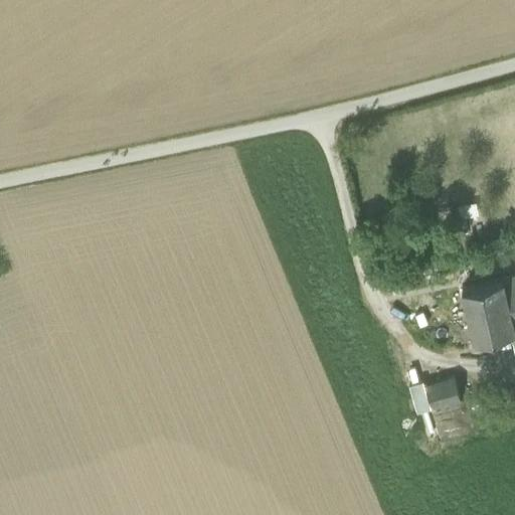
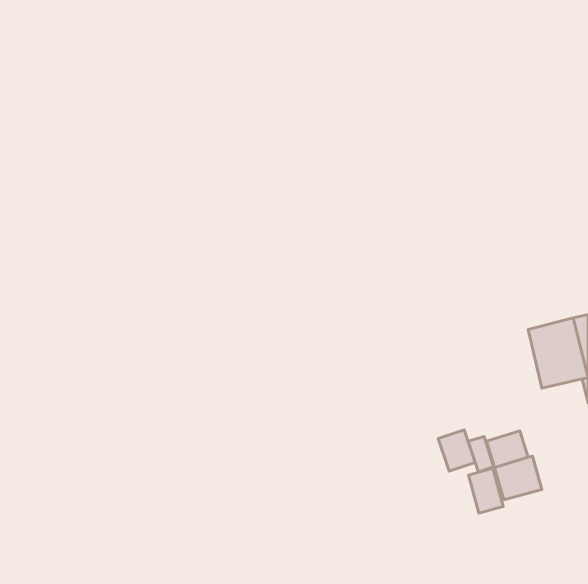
building: none -> [438,430,475,471]
building: none -> [468,468,503,513]

